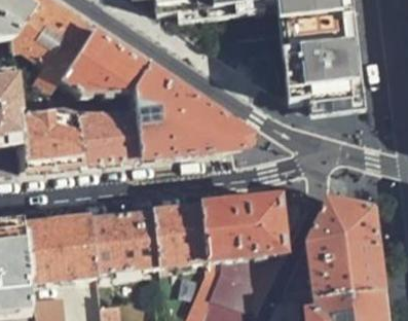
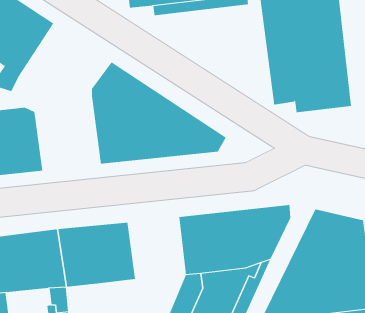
building: [57,28,142,91] -> none
building: [71,95,132,164] -> none
building: [157,206,210,263] -> none

